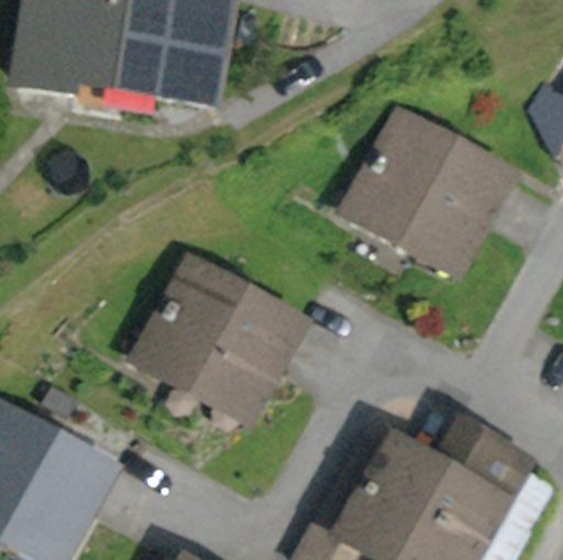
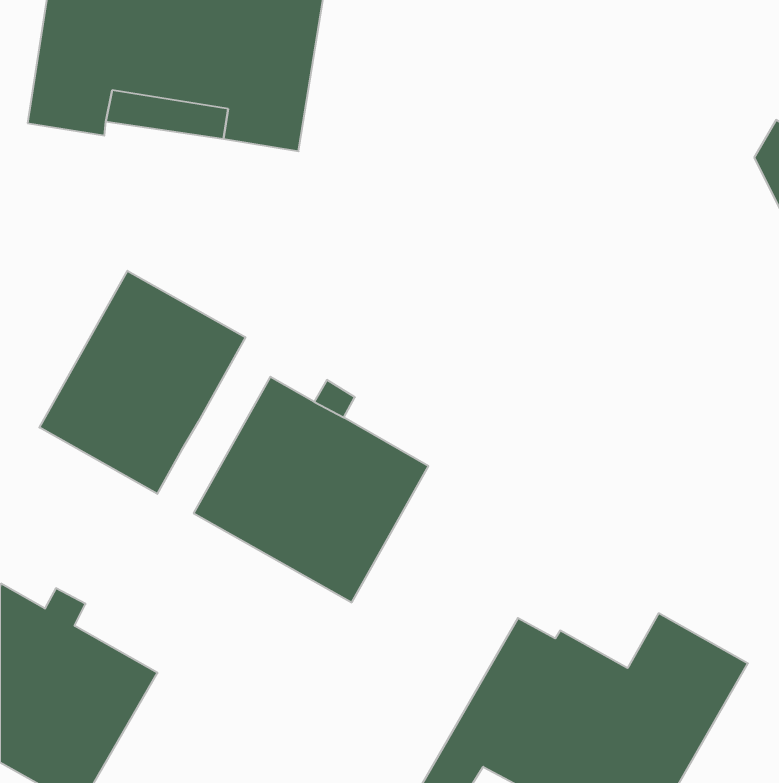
building: [346,119,510,276] -> none
building: none -> [39,271,245,494]

